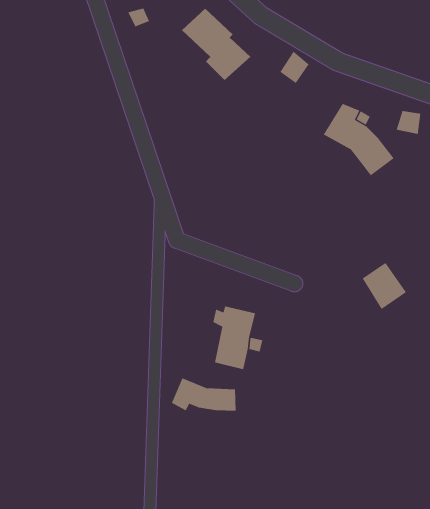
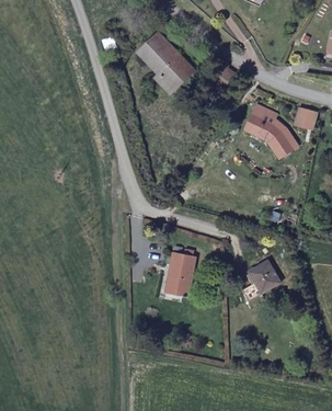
building: [362,262,407,310] -> [250,258,283,293]
building: [171,377,236,412] -> none

